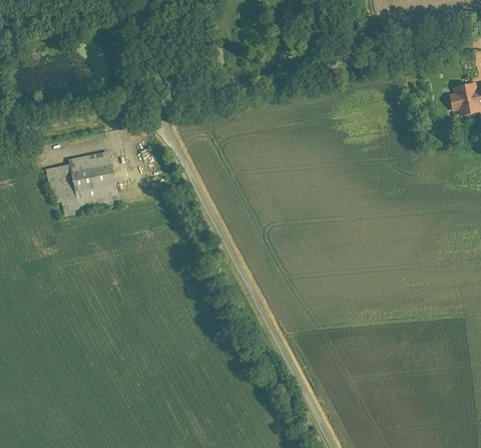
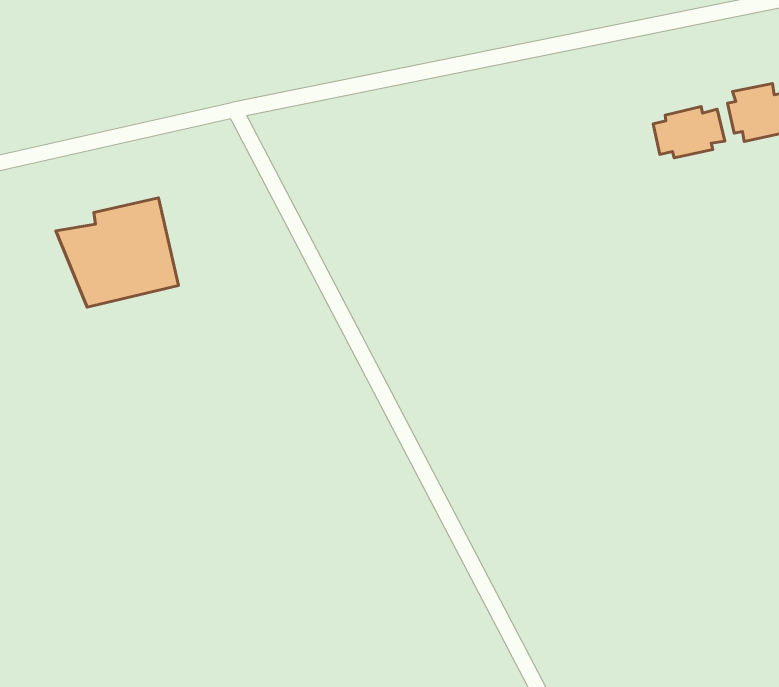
building: none -> [653,107,725,158]

